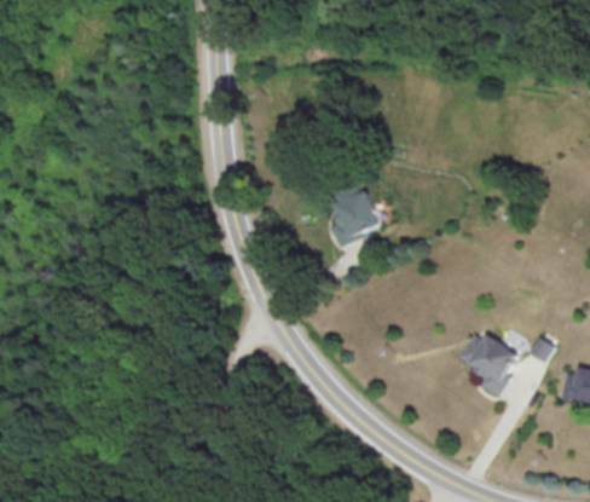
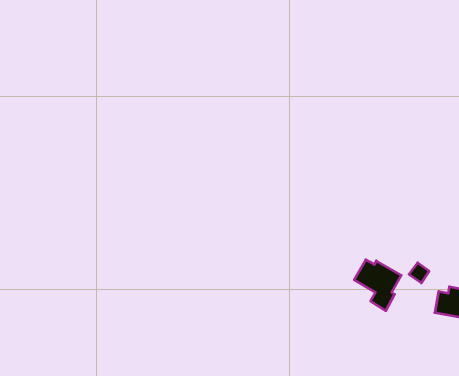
building: [331,190,383,244] -> none

